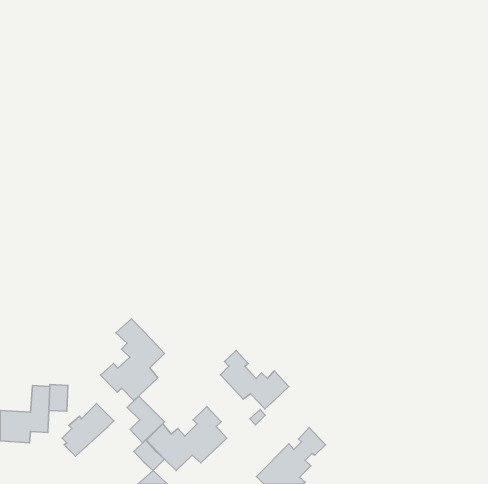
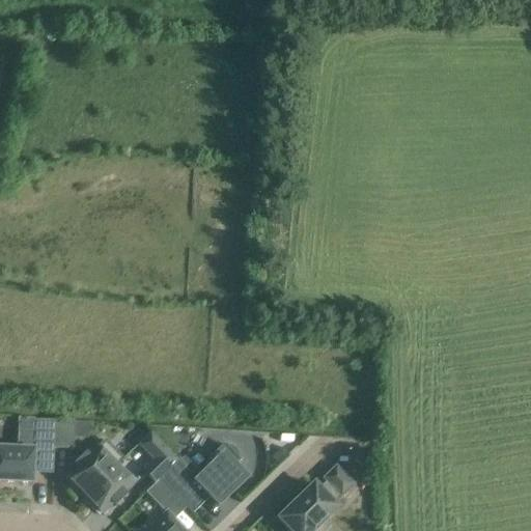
building: [101,319,164,400] -> none
building: [220,350,289,409] -> none
building: none -> [83,464,134,510]

